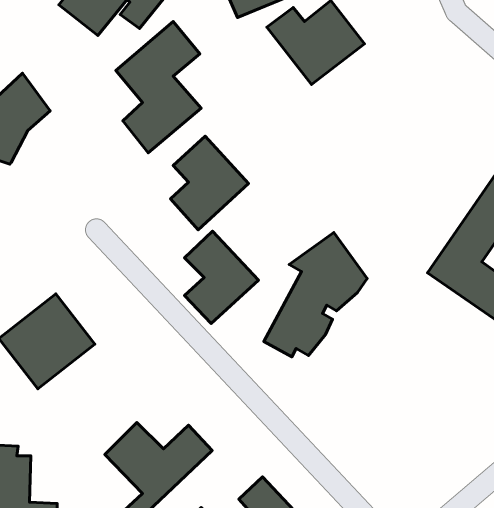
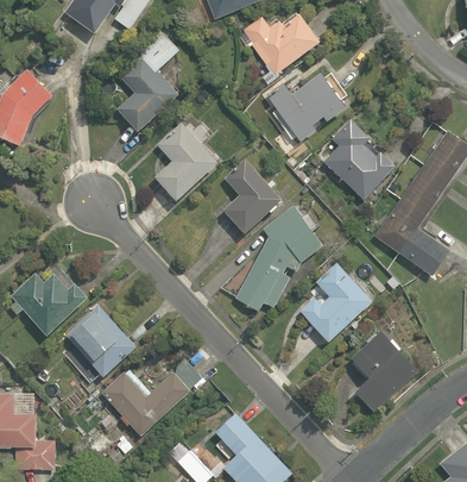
building: none -> [267,67,349,142]
building: none -> [320,114,398,202]
building: [185,231,259,323] -> [221,159,284,238]
building: none -> [297,261,372,344]
building: none -> [64,303,139,381]
building: none -> [346,325,418,412]

